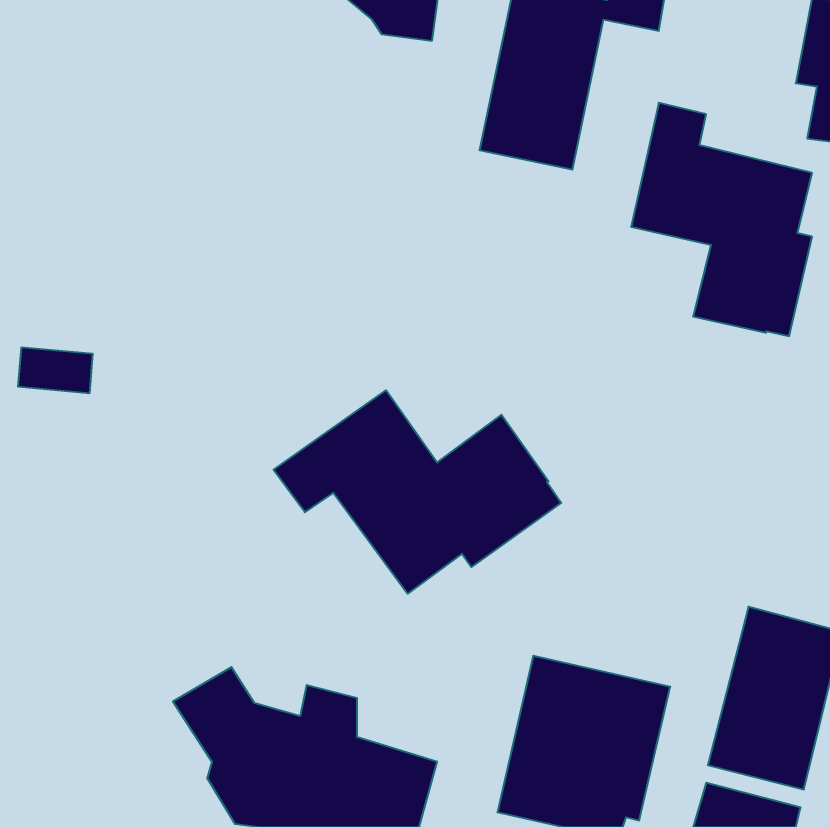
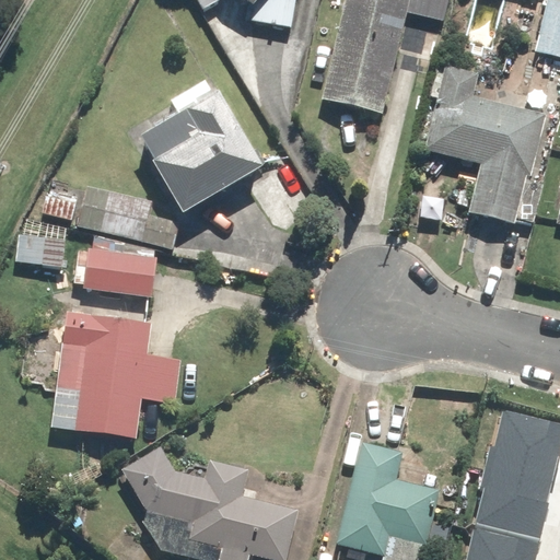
building: none -> [42,81,261,249]
building: none -> [83,247,155,292]
building: [274,390,561,594] -> none
building: none -> [52,311,180,435]

